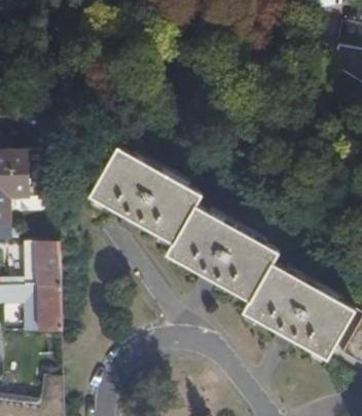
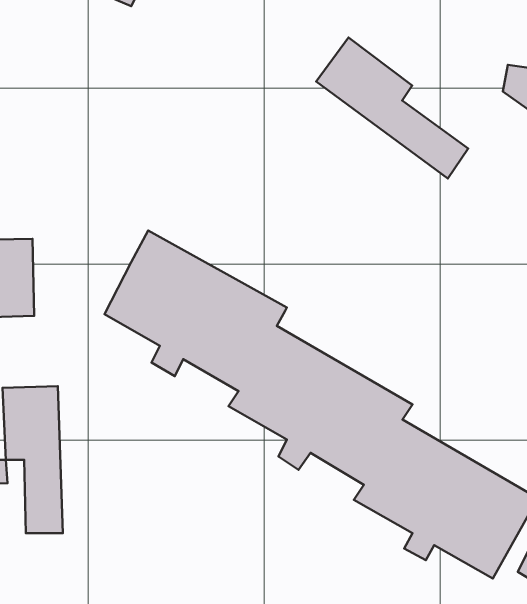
building: none -> [316,37,468,179]

